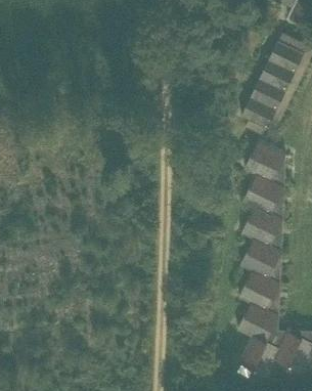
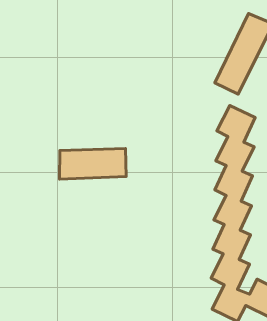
building: none -> [60,149,126,179]

